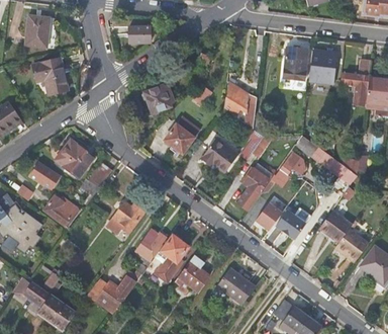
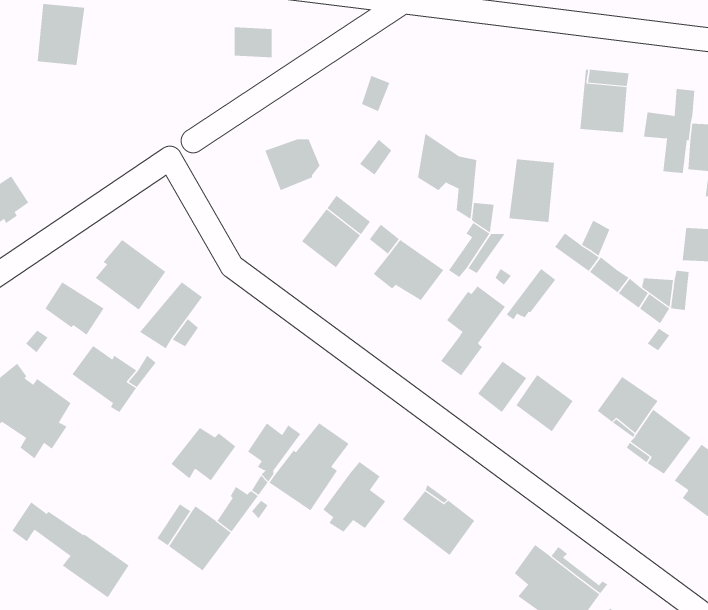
building: [282,48,306,81] -> [509,159,555,222]
building: [33,58,74,92] -> none
building: [109,200,143,229] -> [171,427,236,481]

